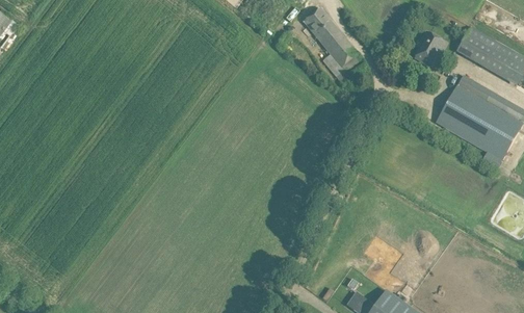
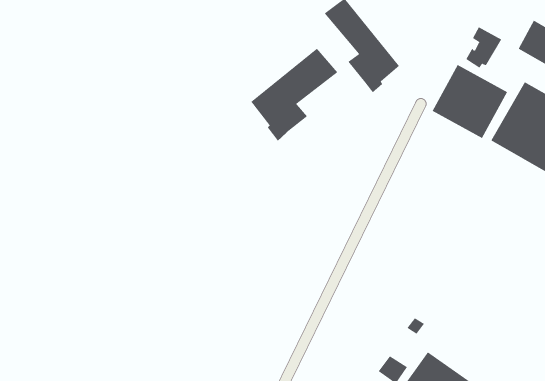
building: none -> [251,48,338,141]
building: none -> [432,64,508,139]

